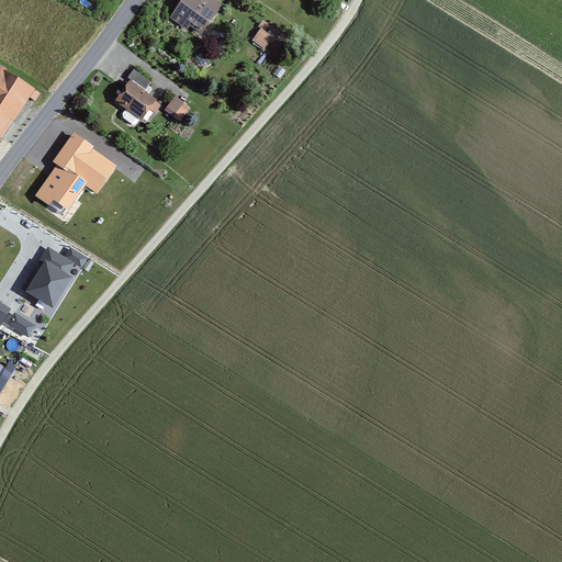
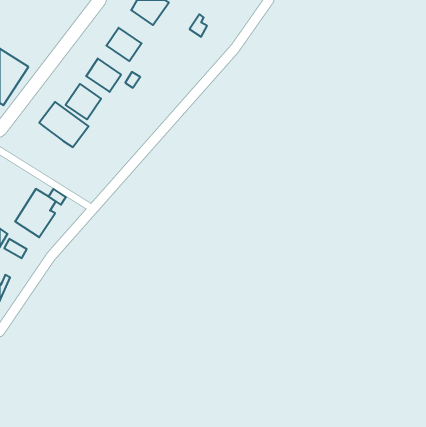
building: none -> [106,28,142,61]
building: none -> [66,84,101,119]
building: [34,165,83,215] -> none

